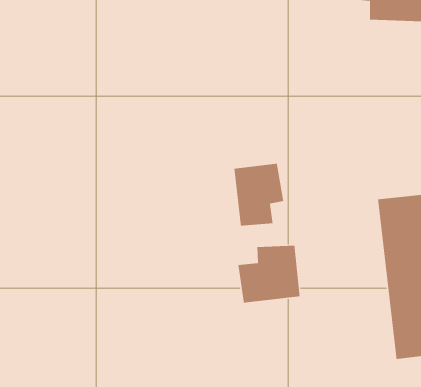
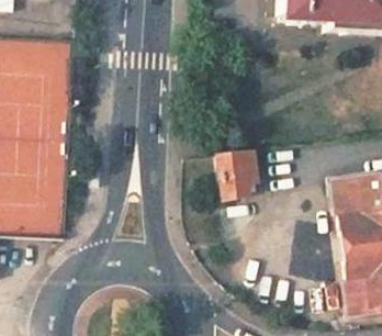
building: [238,245,301,303] -> none

